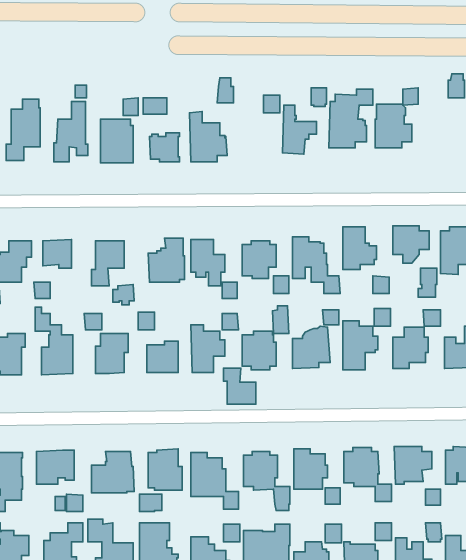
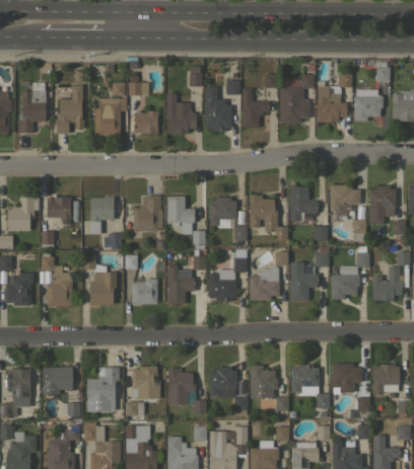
building: none -> [204,86,231,131]
building: none -> [354,89,383,122]
building: [224,368,256,404] -> none

